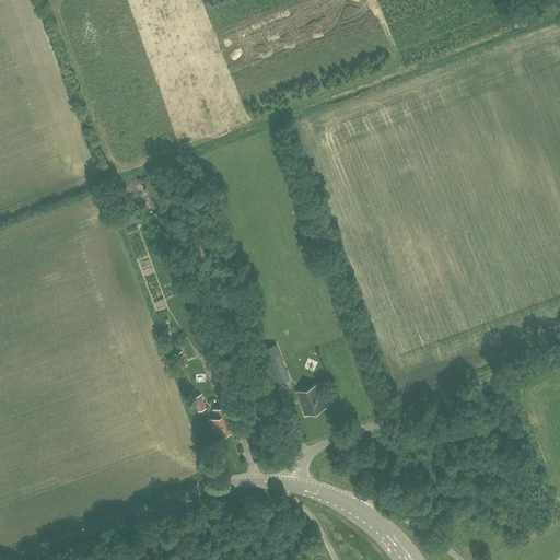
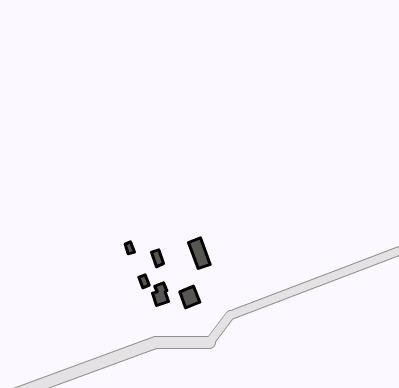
building: [298,386,325,416] -> [180,286,200,308]

